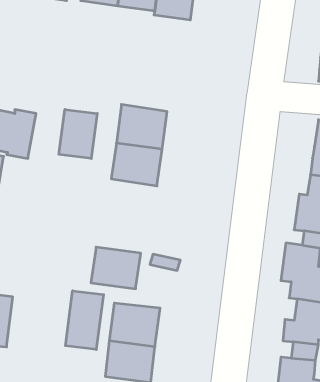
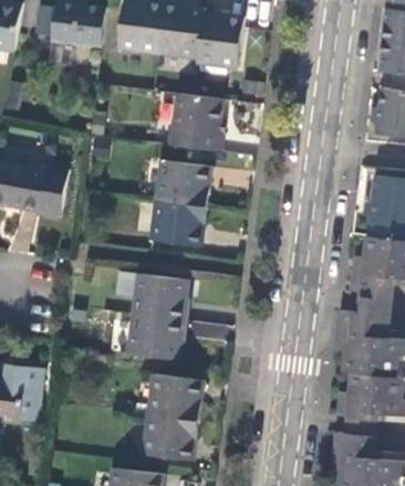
building: none -> [170,94,222,152]
building: [59,109,97,159] -> none
building: none -> [133,273,187,320]
building: [65,291,104,350] -> none

